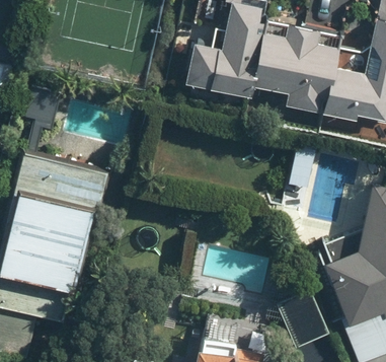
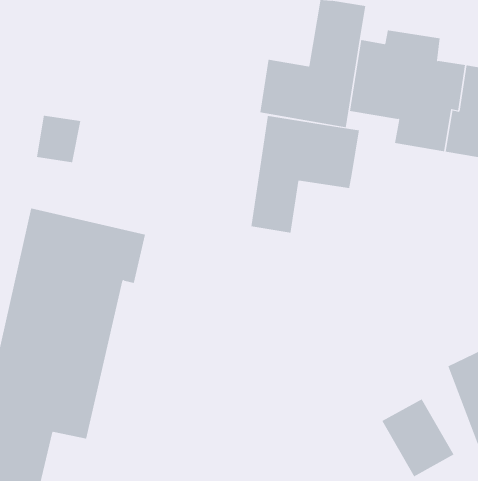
building: none -> [251,115,359,233]

